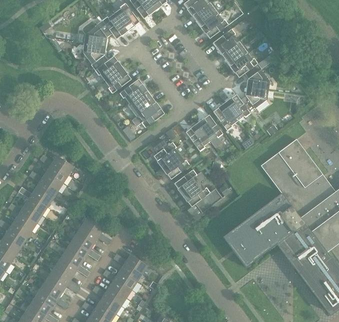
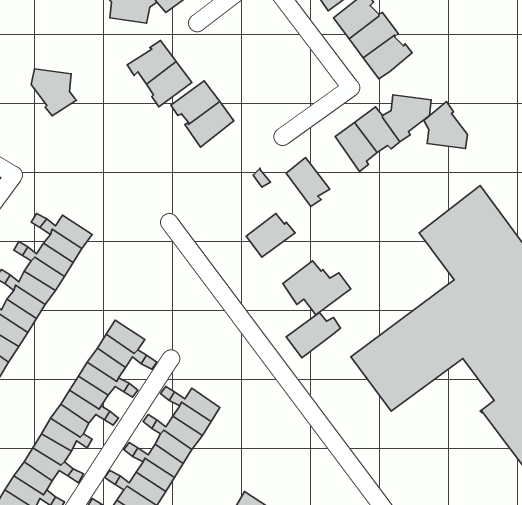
building: [82,43,108,70] -> [31,69,77,116]
building: [244,63,269,90] -> [424,101,467,149]
building: [132,102,164,128] -> none
building: [196,114,223,147] -> none
building: [153,140,185,168] -> none
building: [174,169,205,195] -> [286,312,340,358]

